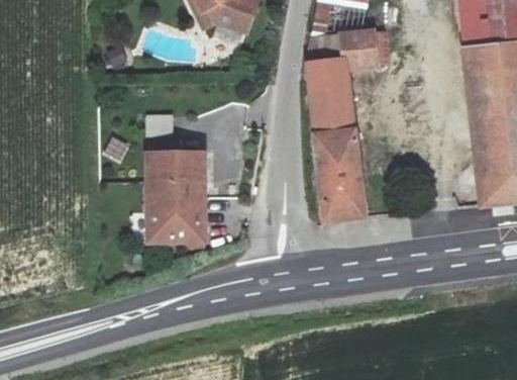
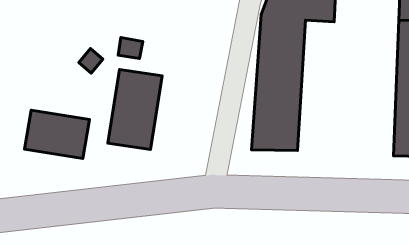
building: none -> [24,110,89,159]

